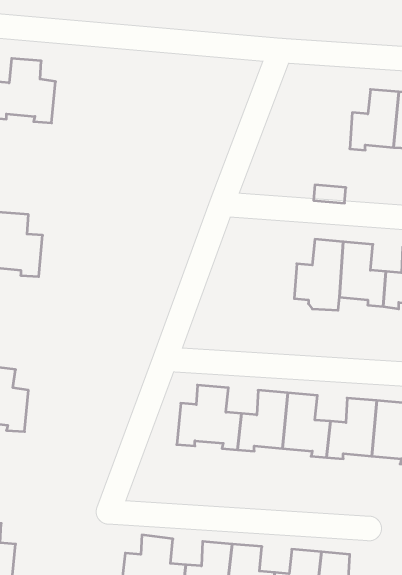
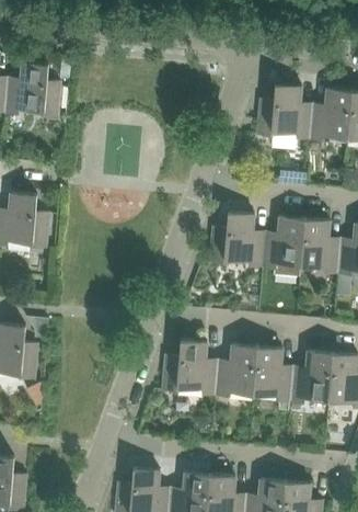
building: none -> [256,83,311,139]
building: none -> [209,212,264,266]

